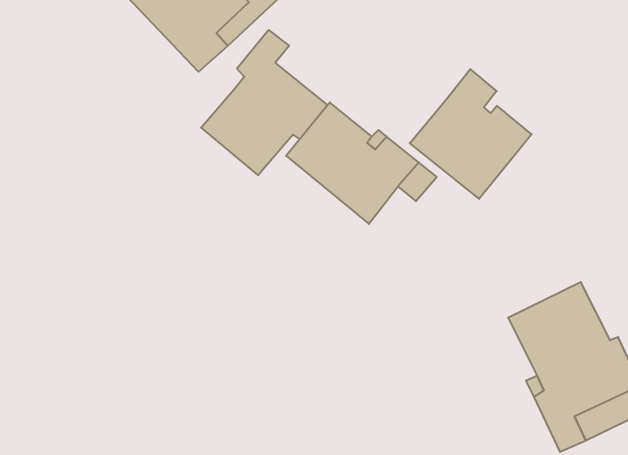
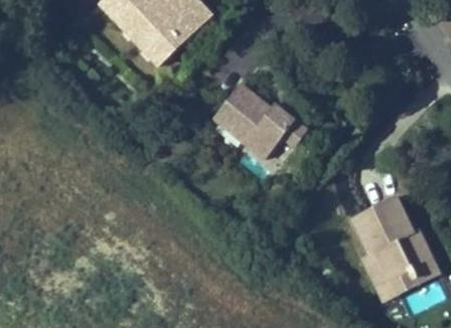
building: [201,30,327,175] -> none
building: [410,69,532,199] -> none

